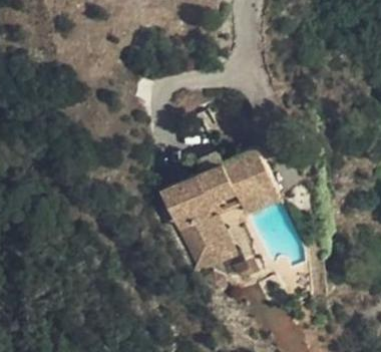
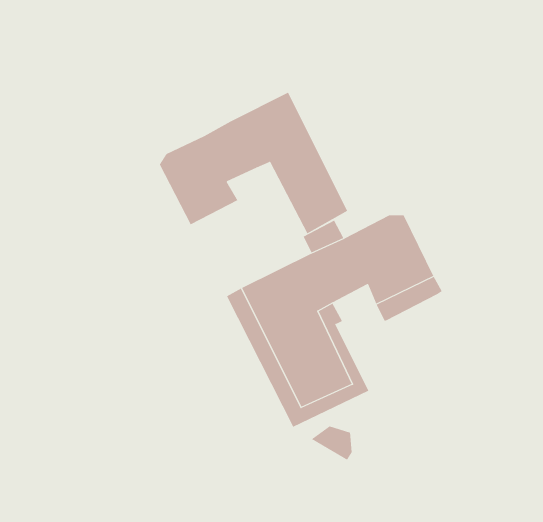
building: none -> [159,92,348,234]

